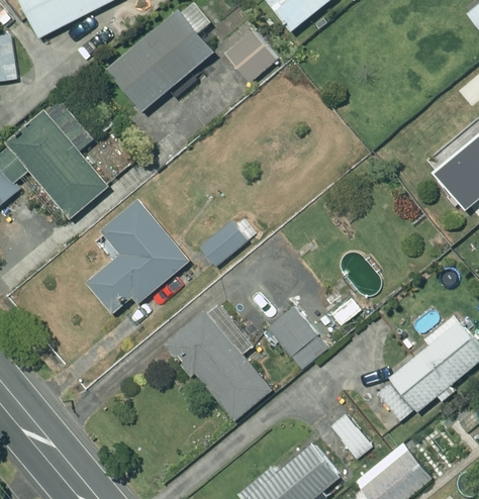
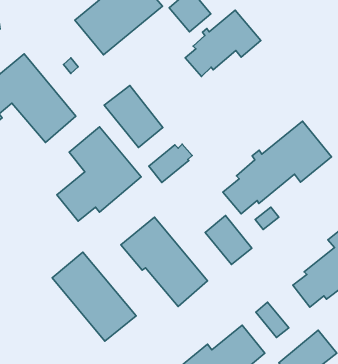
building: none -> [185,10,261,76]
building: none -> [104,86,163,147]
building: none -> [223,121,332,214]
building: none -> [52,252,136,341]

